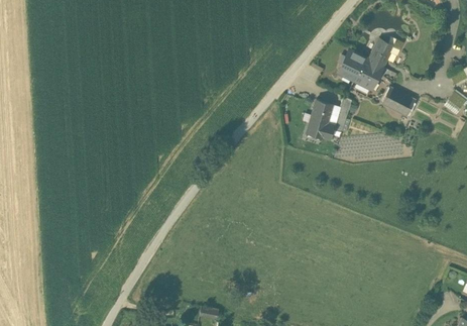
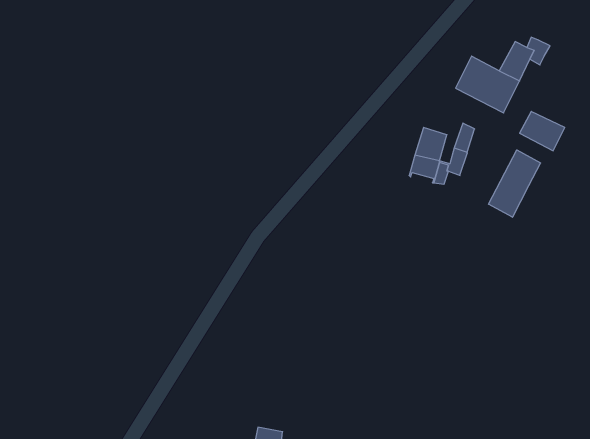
building: none -> [489,150,541,217]

